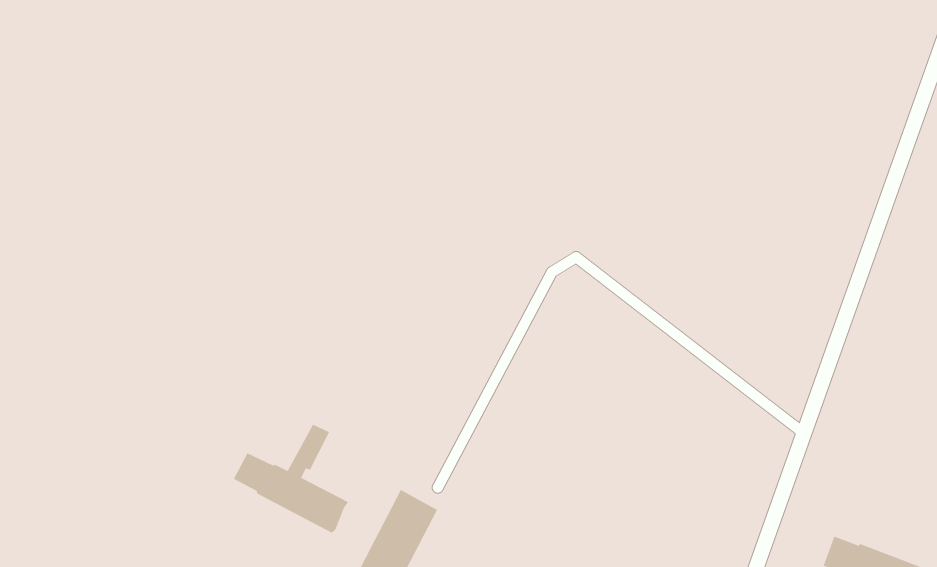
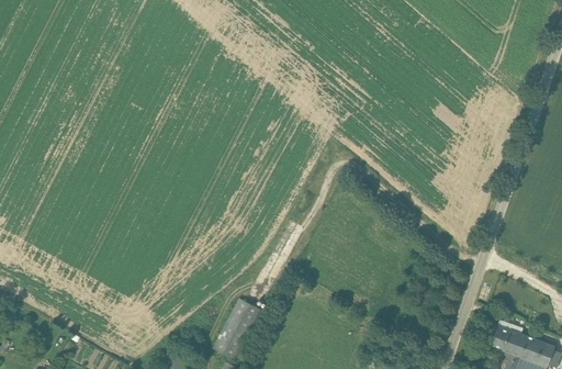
building: [233,424,349,533] -> none

